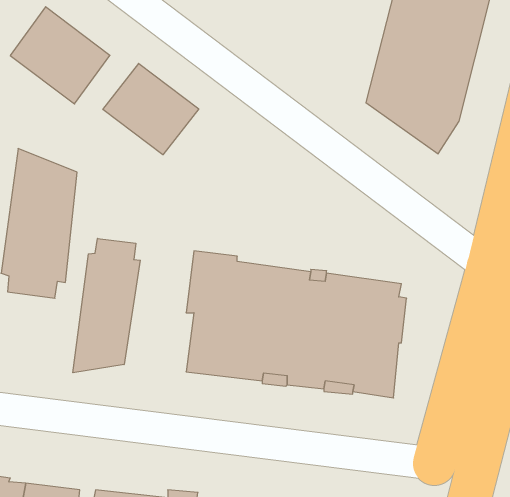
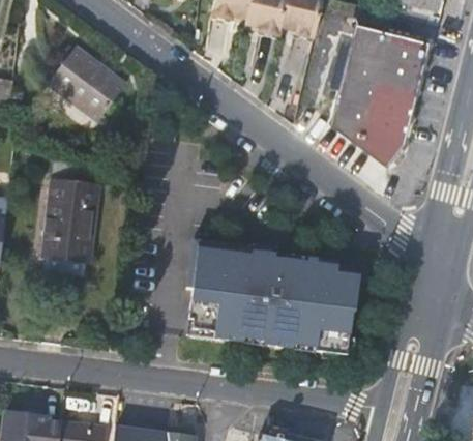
building: [103,63,199,155] -> none
building: [73,238,140,373] -> none

